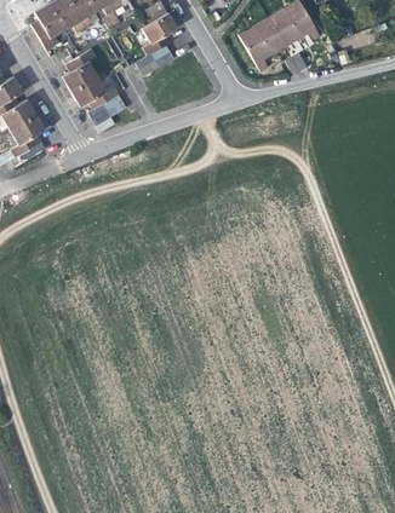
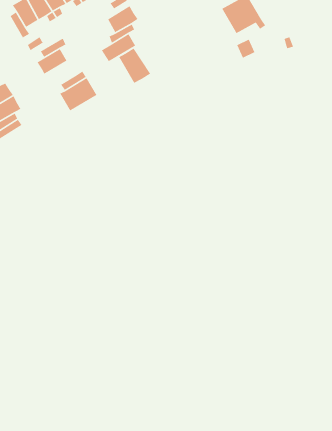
building: [239,17,286,71] -> none
building: none -> [118,47,151,84]
building: [69,76,105,108] -> none

